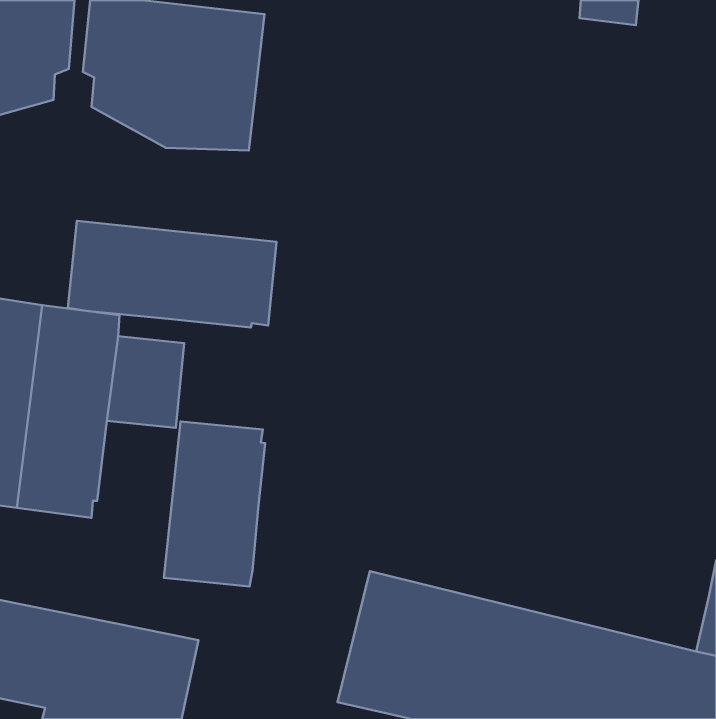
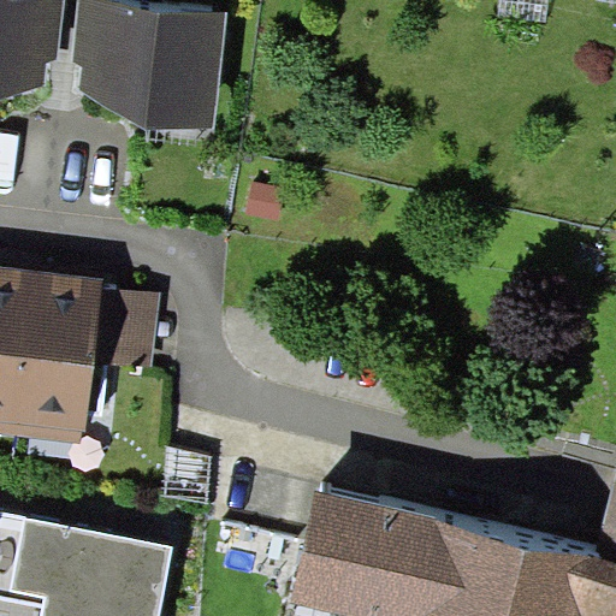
building: [68,221,276,328] -> none
building: [164,421,265,586] -> none

